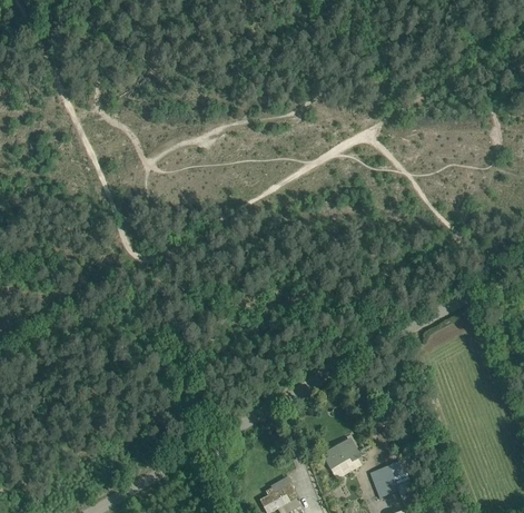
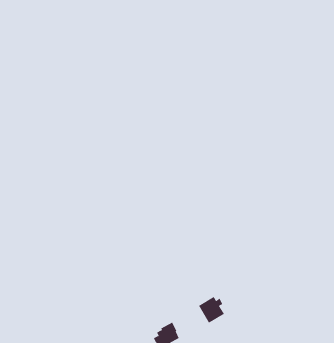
building: [370,461,408,492] -> none

